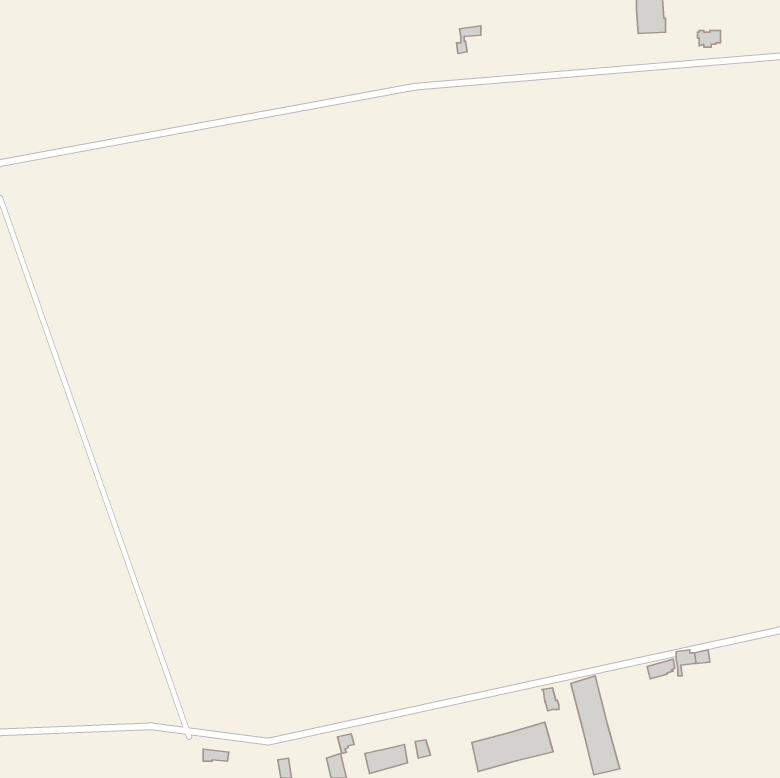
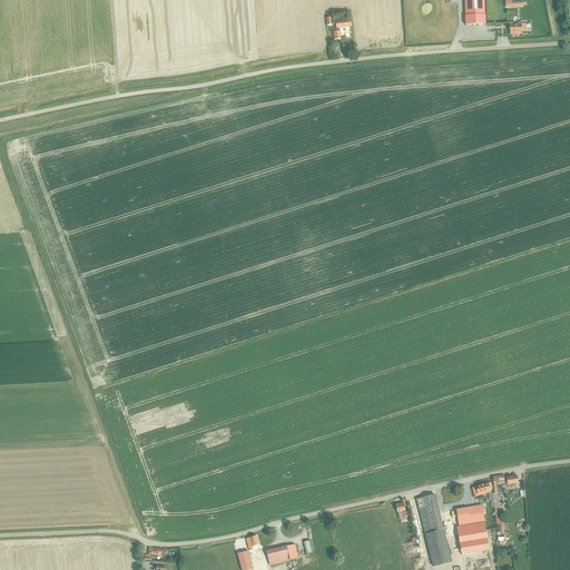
building: none -> [456,504,490,553]
building: [472,722,553,772] -> none

